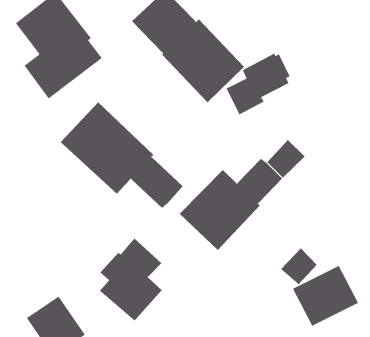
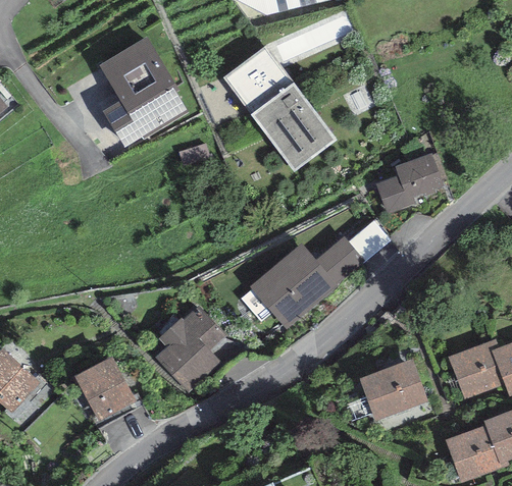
building: [225,52,291,116] -> [375,152,446,214]
building: [60,102,184,209] -> none
building: [280,248,318,285] -> none

